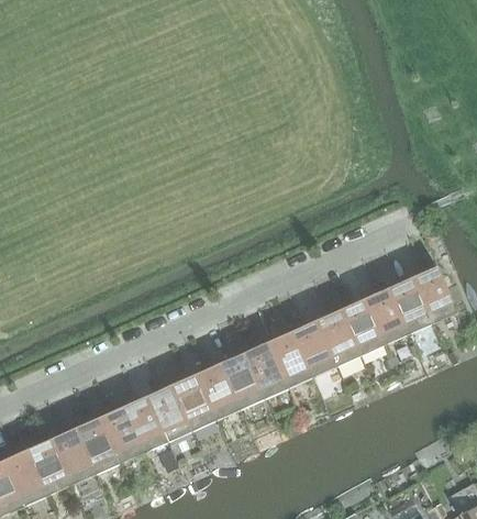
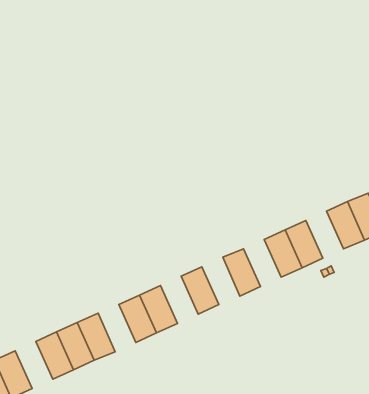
building: [358,290,402,345] -> none
building: [286,323,330,378] -> none
building: [237,344,281,399] -> none
building: [189,366,233,421] -> none
building: [117,399,160,454] -> none
building: [20,442,64,497] -> none

